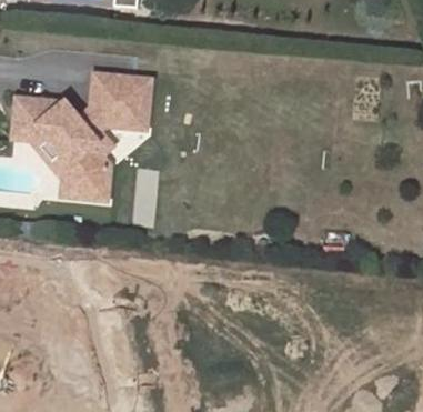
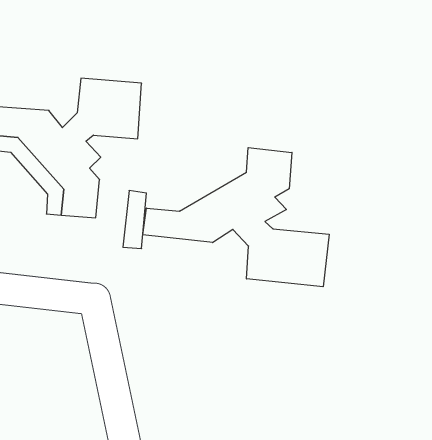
building: none -> [143,148,329,287]

